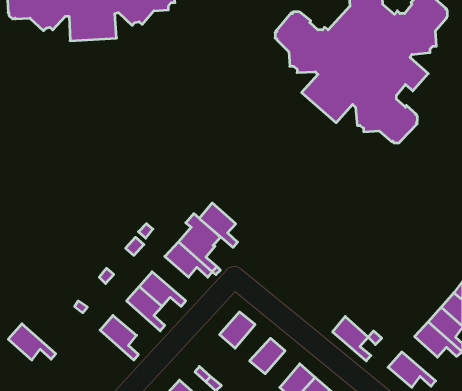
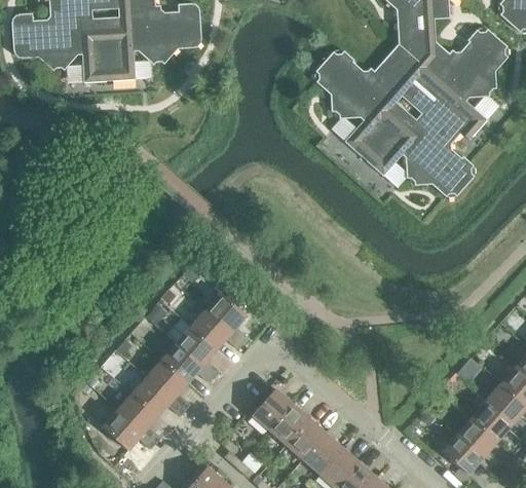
building: [199,203,238,247] -> [176,326,219,376]
building: none -> [132,376,185,416]
building: [333,316,371,361] -> [457,416,500,466]
building: [8,324,56,360] -> [102,409,155,450]
building: none -> [269,403,309,444]
building: none -> [303,433,342,474]

